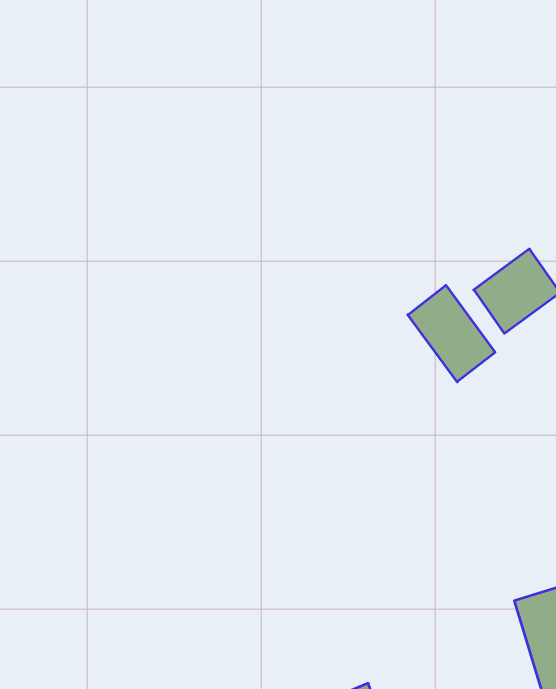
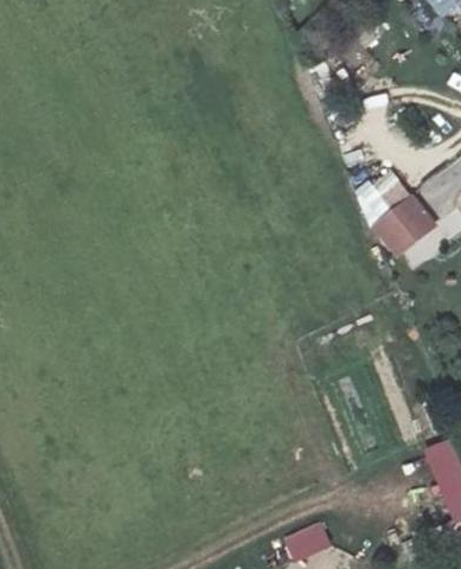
building: [408,285,495,382] -> none

